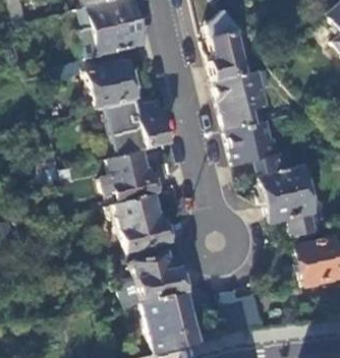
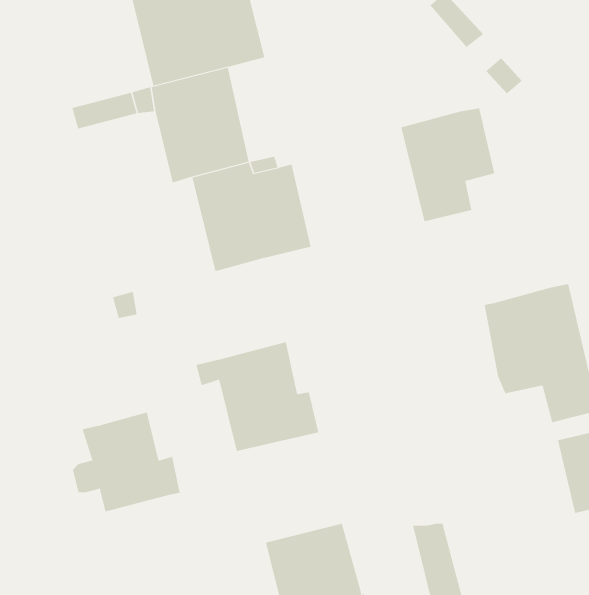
building: [211,33,245,80] -> none
building: [227,120,293,173] -> none
building: [103,150,160,202] -> [72,412,180,512]
building: [133,251,184,299] -> none

